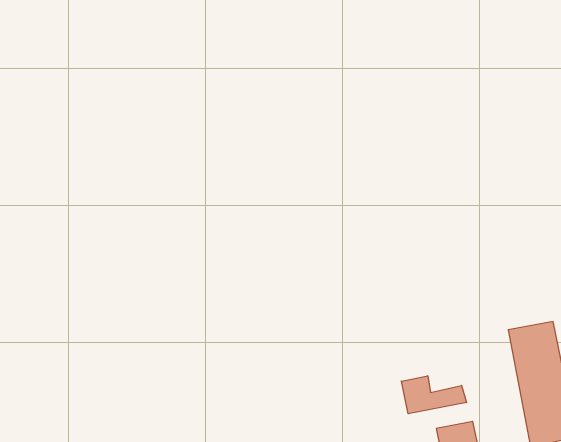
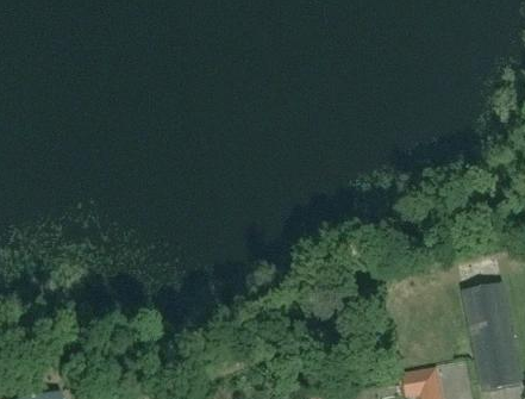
building: [401,376,466,414] -> none

